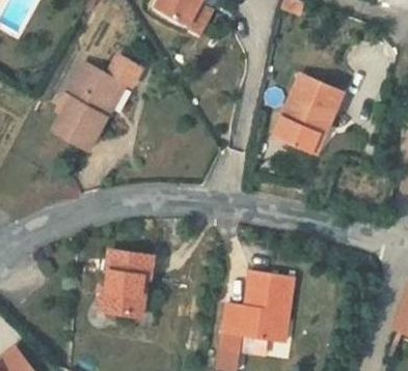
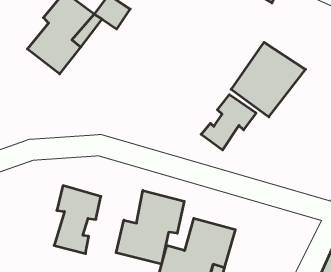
building: none -> [201,95,256,150]
building: none -> [116,190,184,264]

